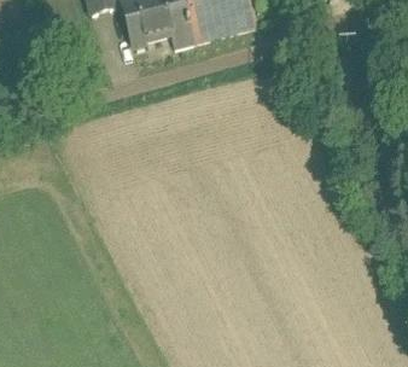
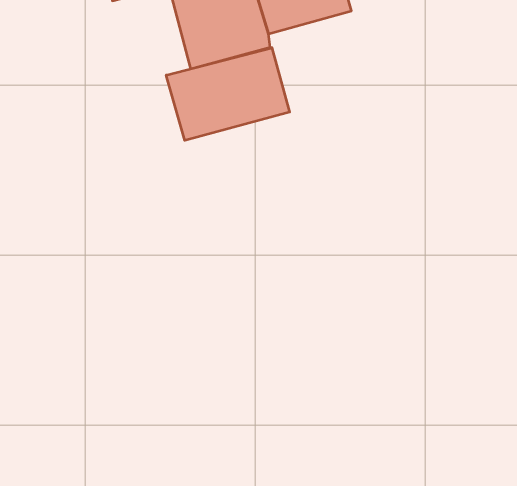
building: none -> [166,48,290,140]

